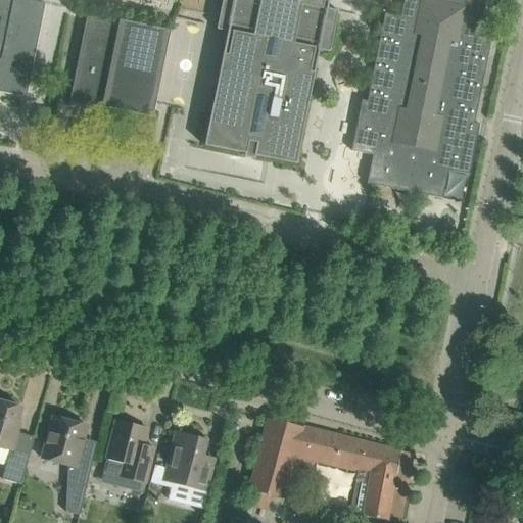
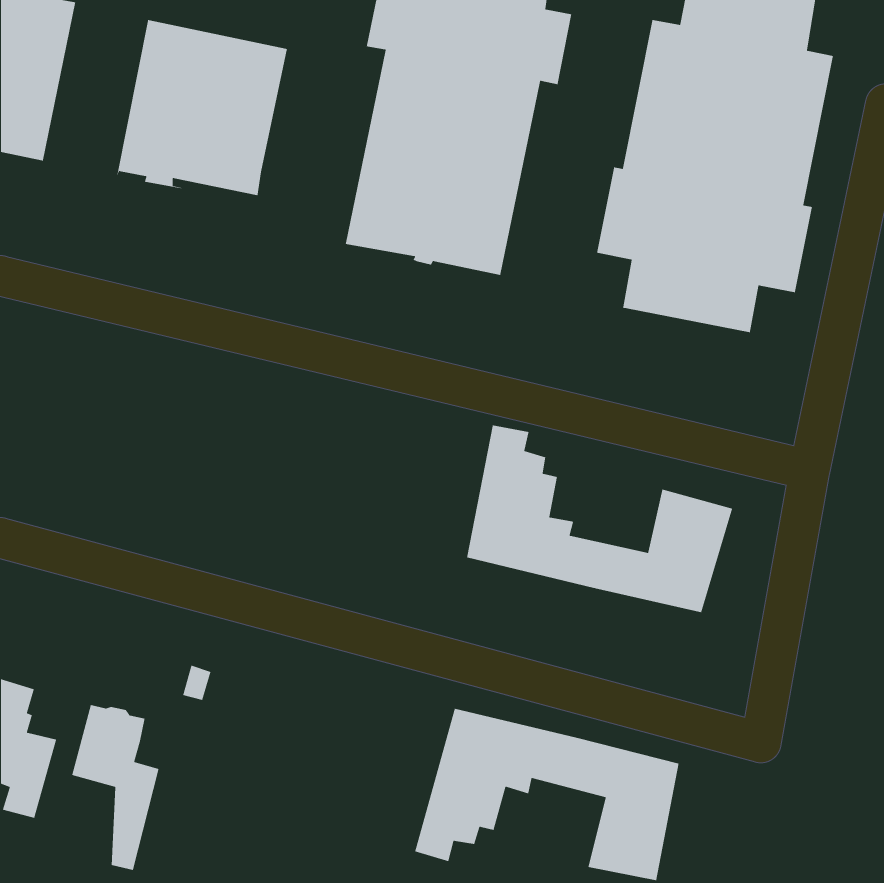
building: none -> [466,424,733,613]
building: [103,419,155,492] -> none
building: [168,430,215,490] -> none

